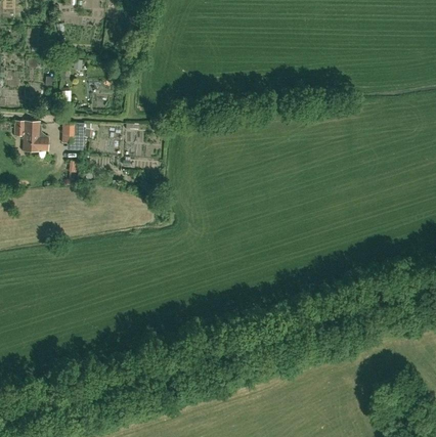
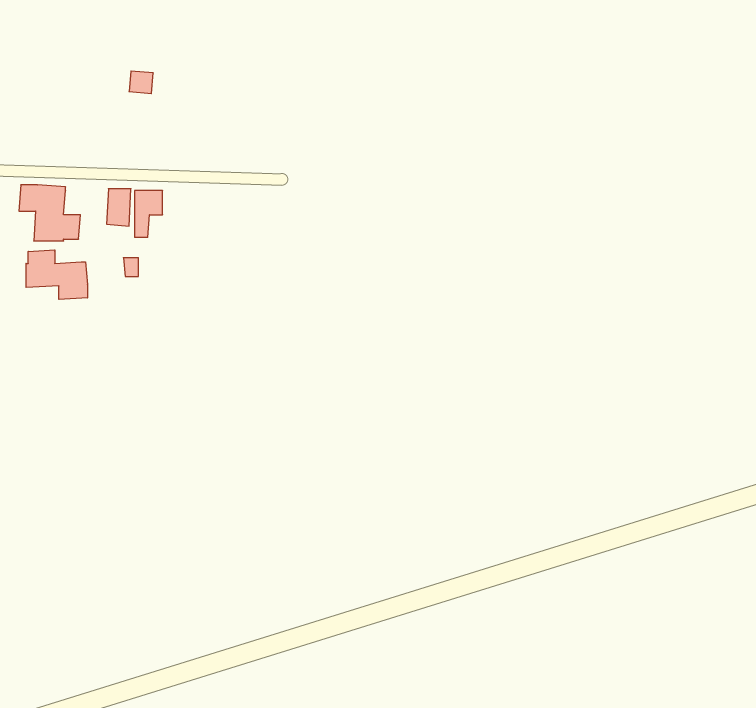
building: none -> [26,250,87,299]

